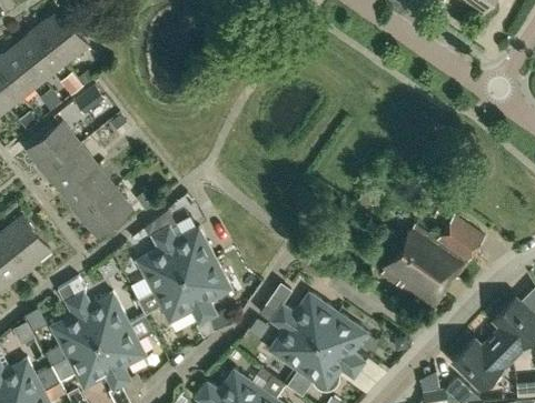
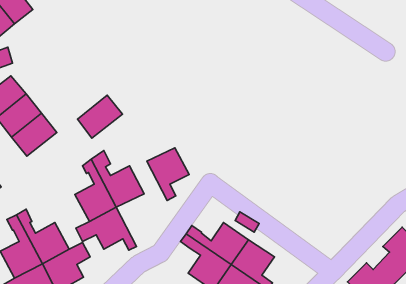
building: [80,188,132,238] -> [78,95,123,138]
building: [382,215,485,311] -> none
building: [184,259,232,320] -> [147,148,189,201]

